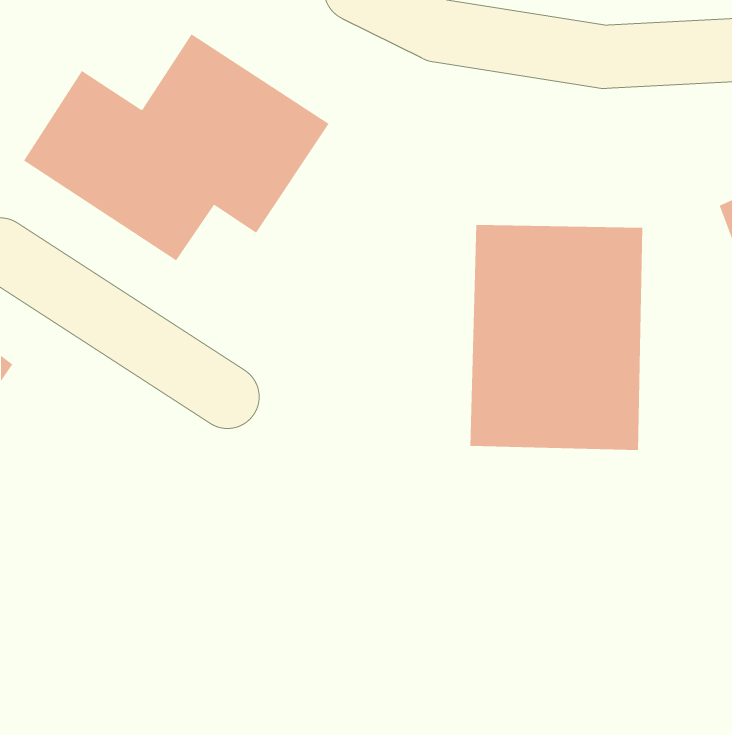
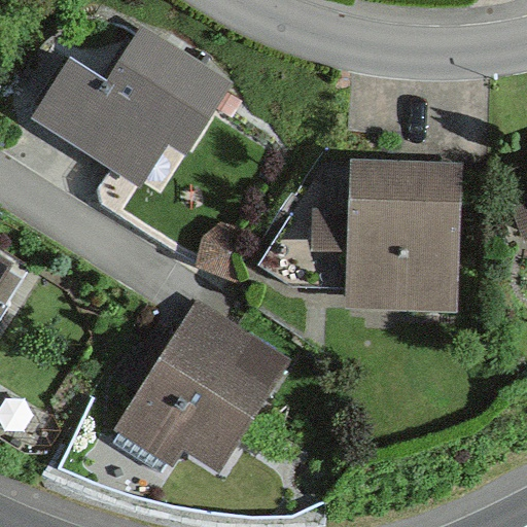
building: none -> [104,294,294,475]

